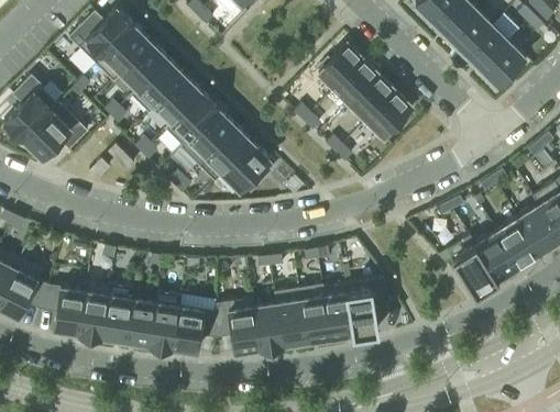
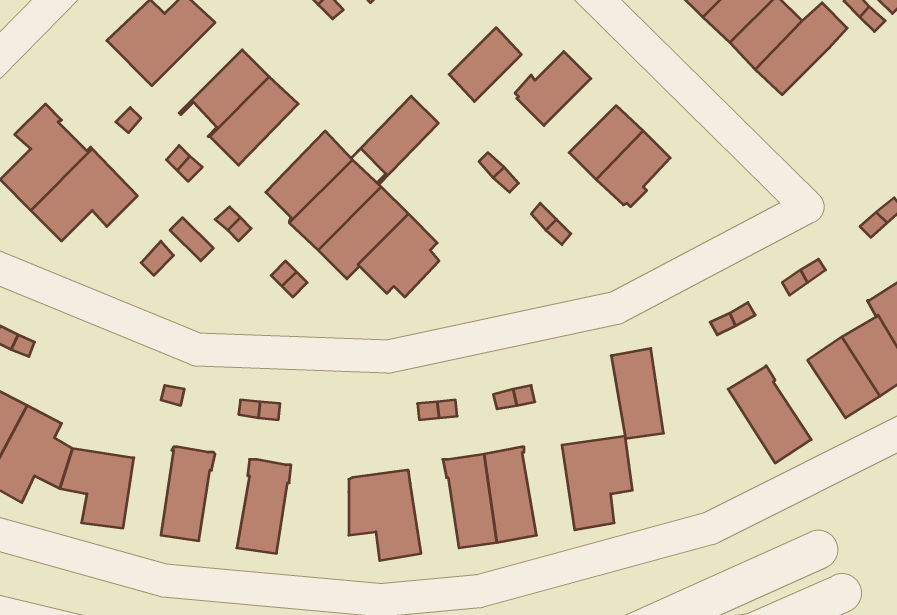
building: [96,27,151,82] -> none
building: [480,43,526,88] -> none
building: [334,62,378,107] -> [449,28,521,102]
building: [149,77,201,131] -> [352,96,438,185]
building: [474,233,518,281] -> none
building: [78,285,109,339] -> none
building: [321,285,353,339] -> [611,348,664,439]
building: [124,300,155,347] -> none
building: [253,304,283,350] -> none
building: [172,308,216,355] -> none

